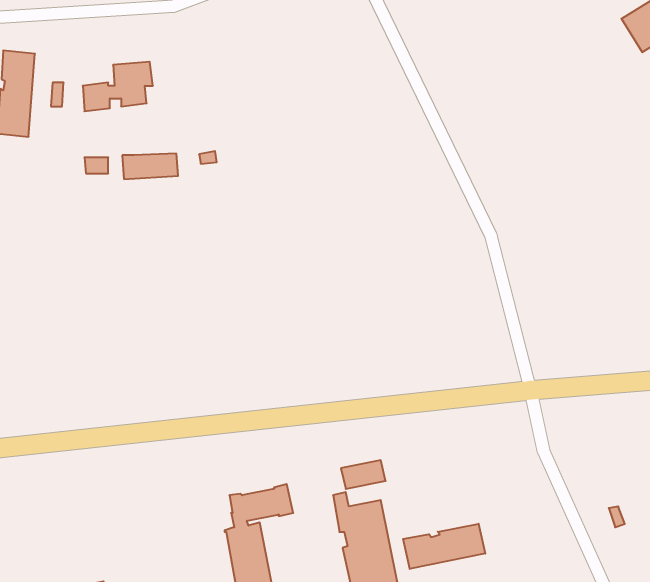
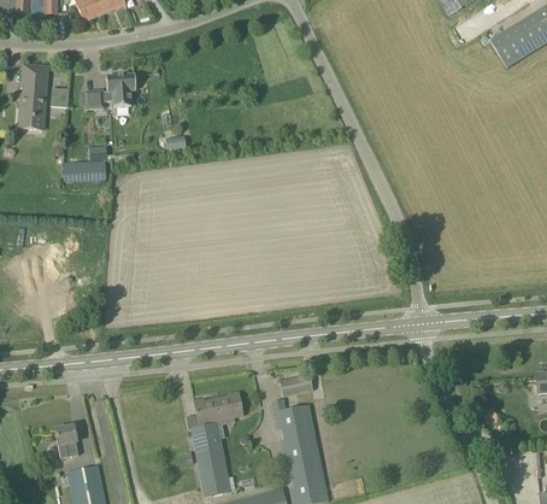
building: [122,154,178,179] -> [63,160,105,180]
building: [403,524,485,569] -> none
building: none -> [54,424,77,457]

